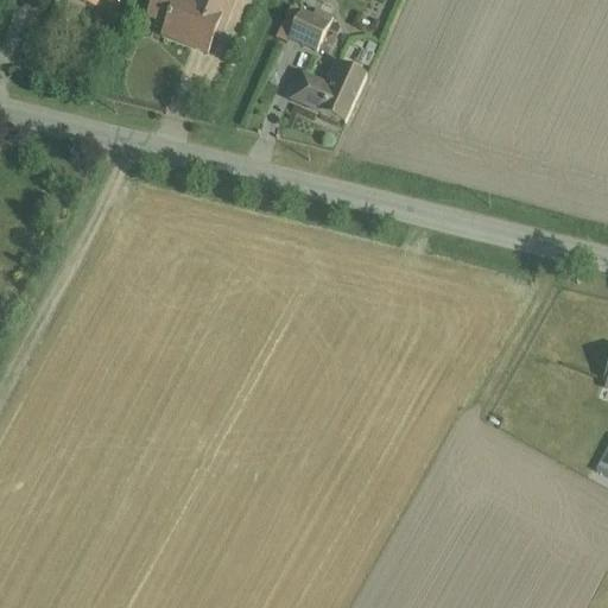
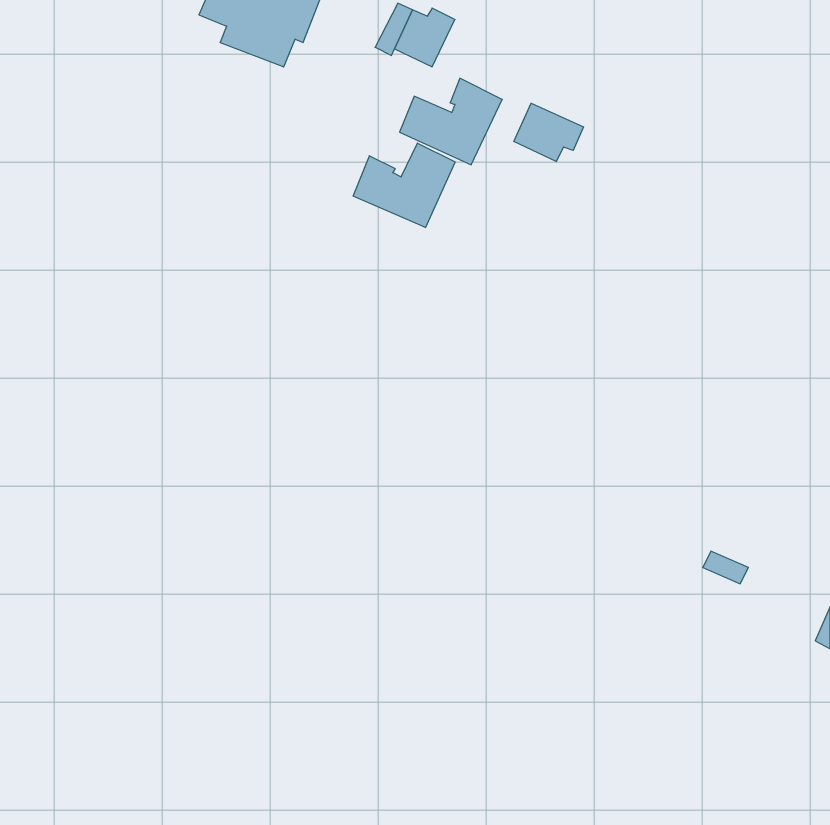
building: none -> [514,103,583,162]
building: none -> [353,143,455,228]

